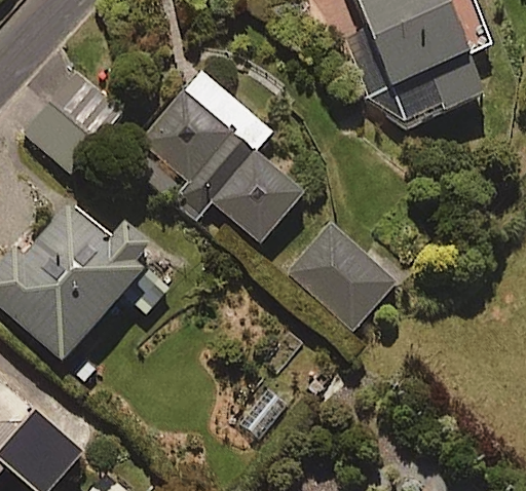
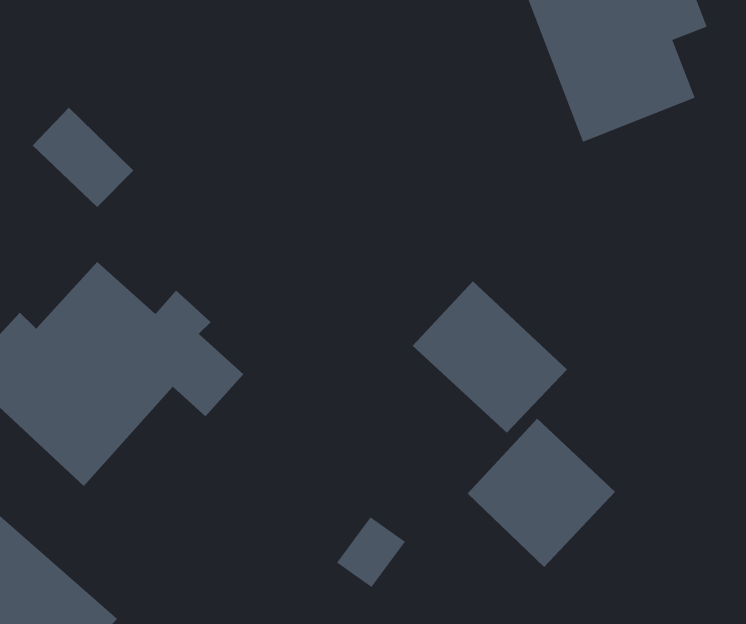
building: [137,68,302,241] -> none
building: none -> [467,418,616,568]

